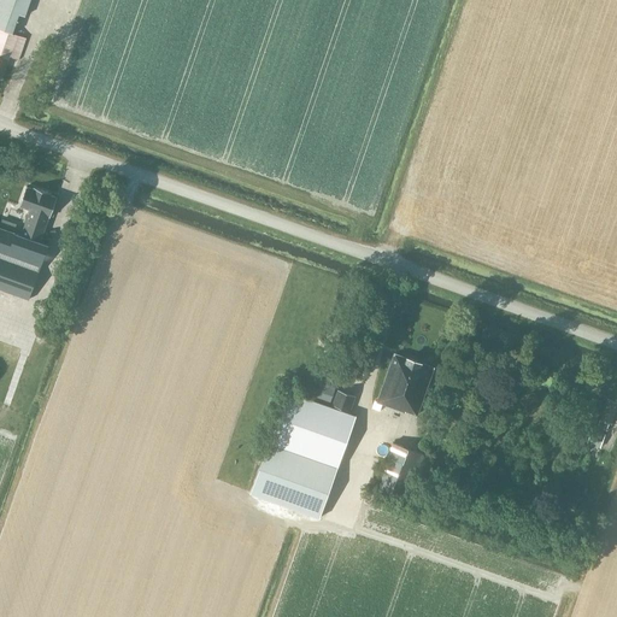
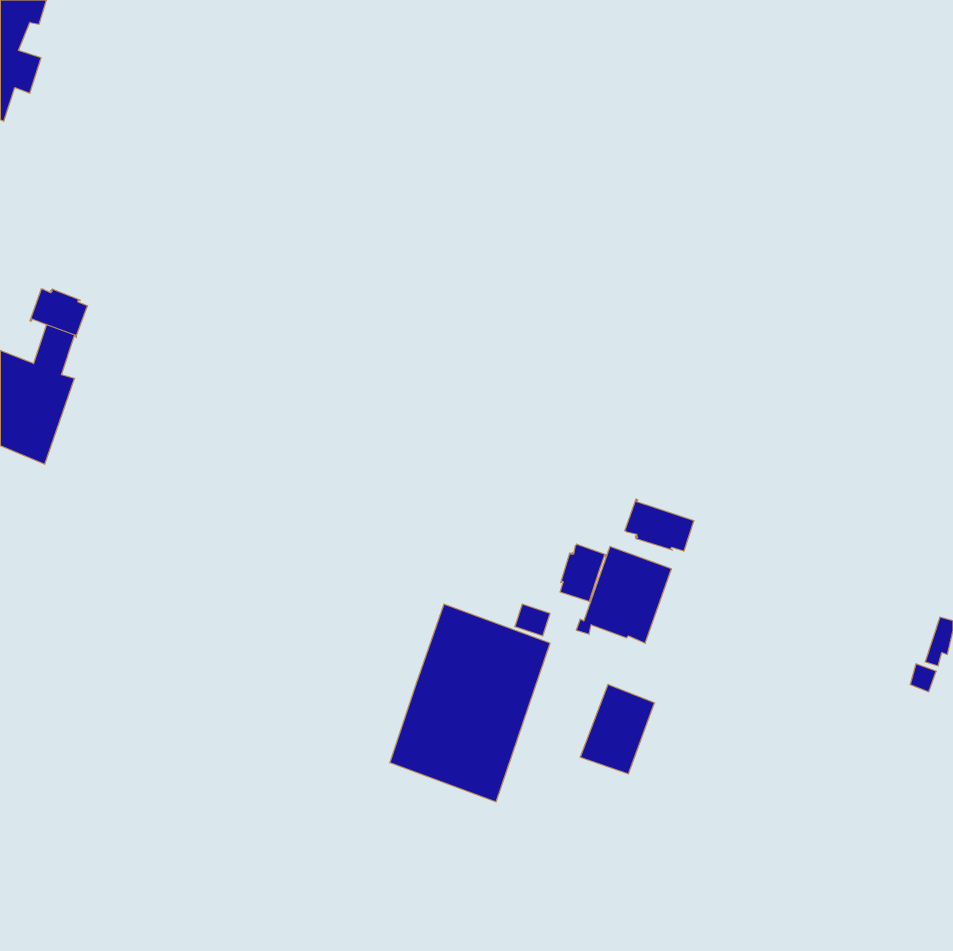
building: none -> [625,499,694,551]
building: none -> [560,544,607,602]

